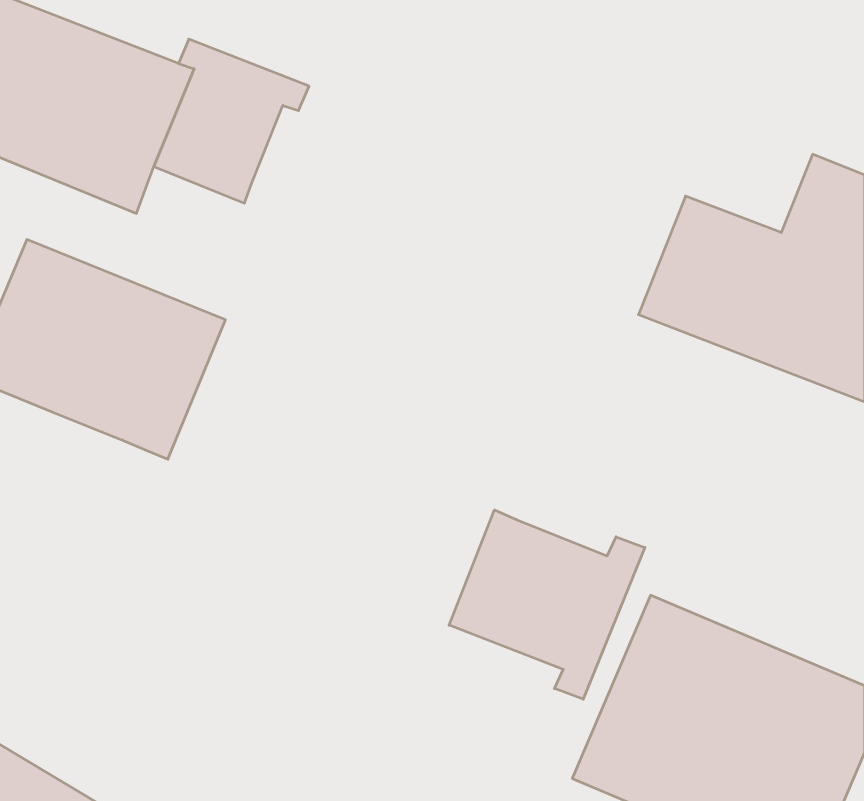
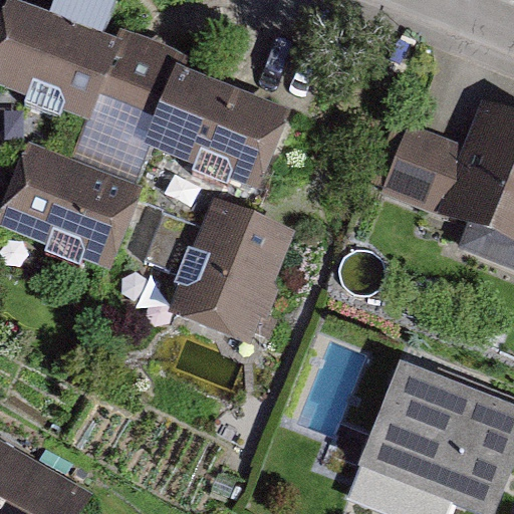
building: none -> [145,68,292,197]
building: none -> [170,201,296,347]
building: [449,510,645,699] -> none

